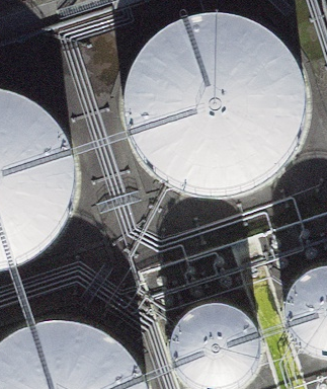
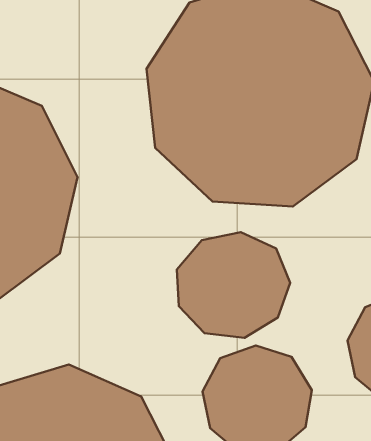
building: none -> [177,232,290,338]

